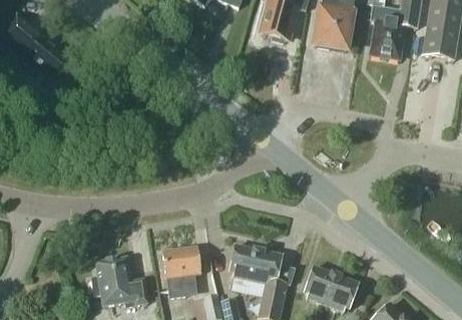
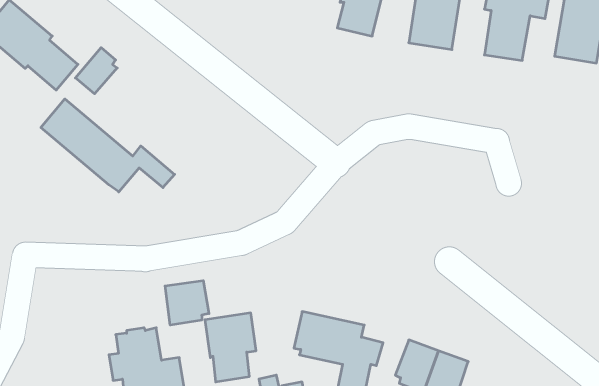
building: none -> [75,48,117,94]
building: none -> [41,99,175,192]
building: none -> [165,281,209,325]

